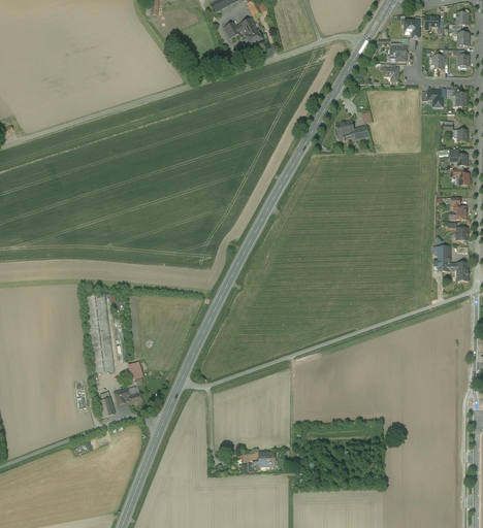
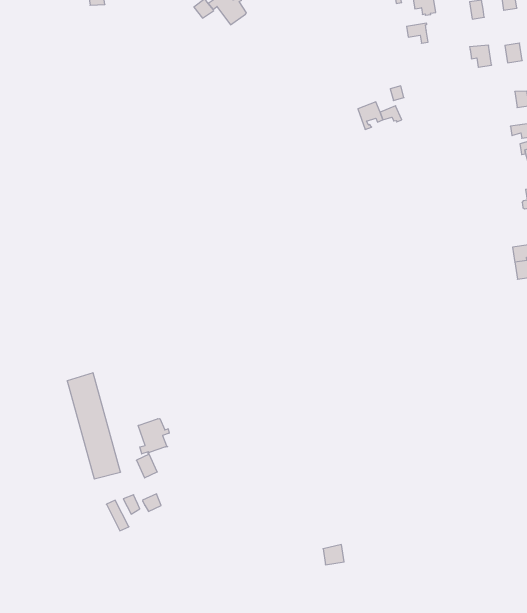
building: none -> [138,419,169,454]

